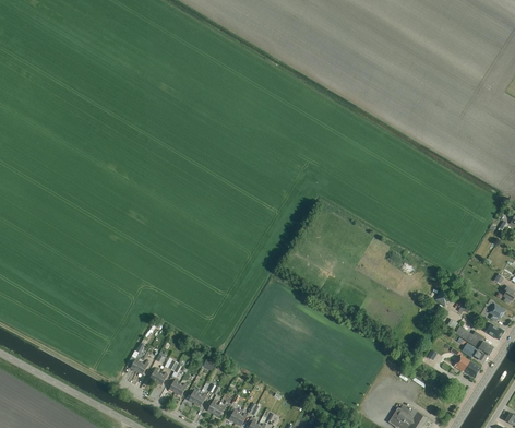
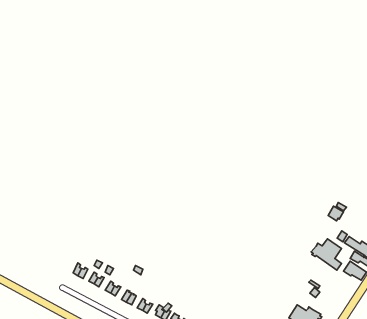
building: none -> [311,239,342,270]

